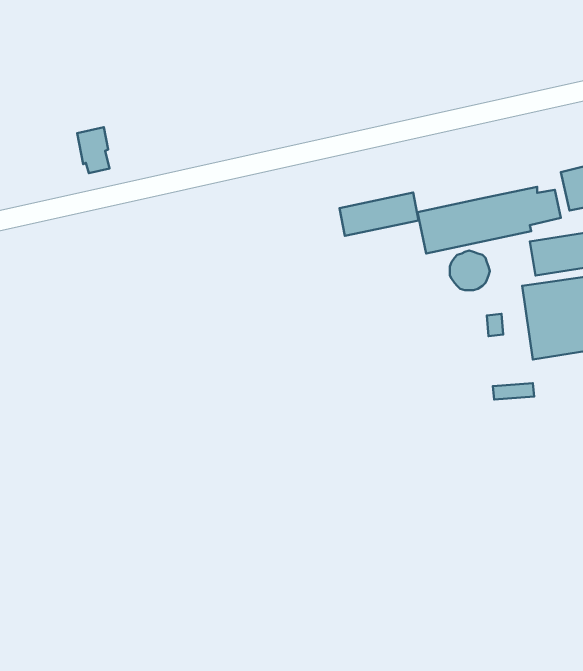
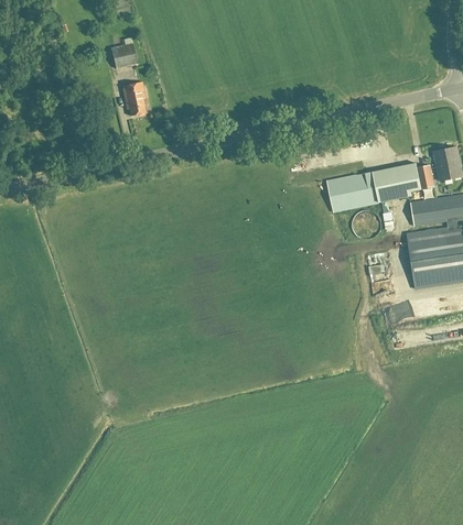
building: none -> [110,37,137,68]
building: [77,127,110,173] -> [120,81,144,116]
building: [340,193,419,236] -> none

